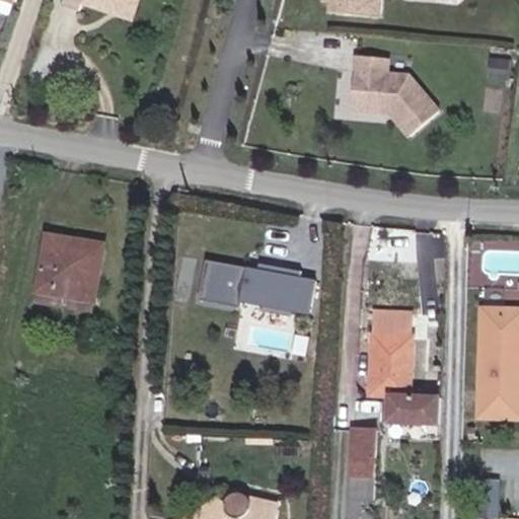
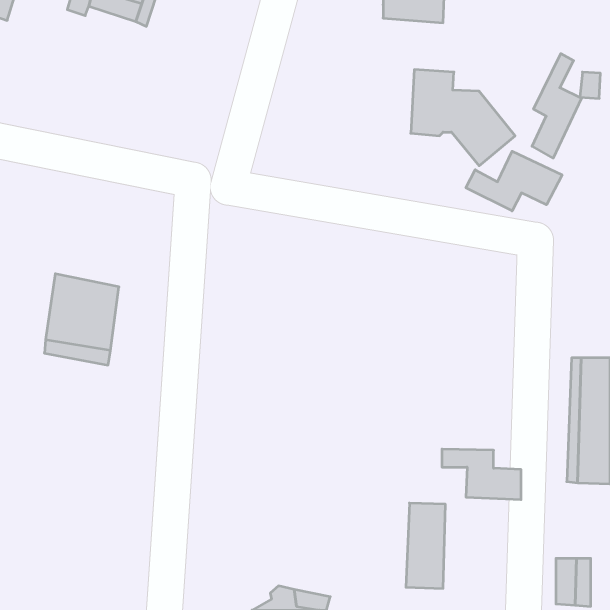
building: none -> [532,54,582,158]
building: none -> [466,151,562,211]
building: [194,256,313,314] -> none
building: [373,311,419,380] -> none

